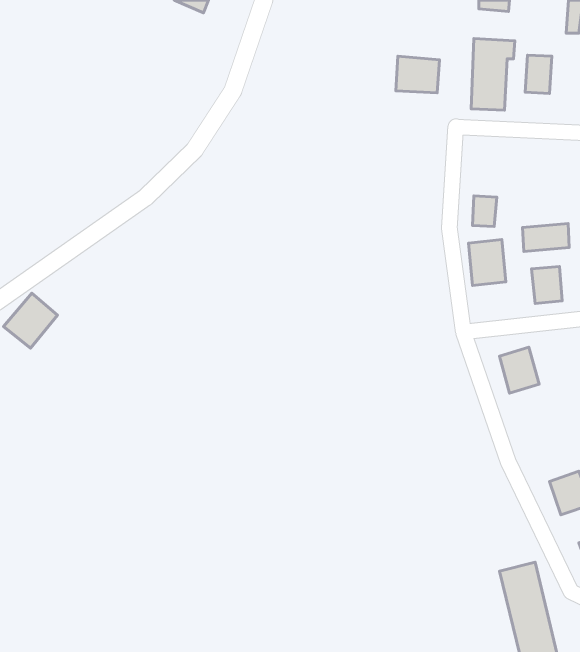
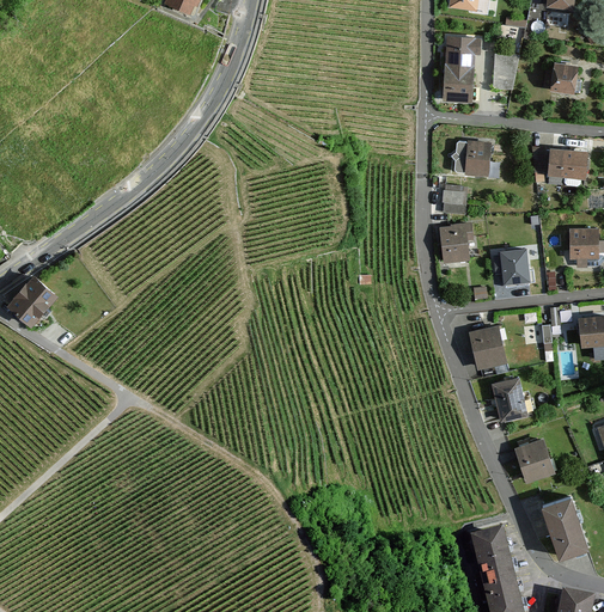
building: [396,56,439,93] -> none
building: none -> [454,141,493,177]
building: [523,223,569,252] -> none
building: none -> [492,379,527,421]

